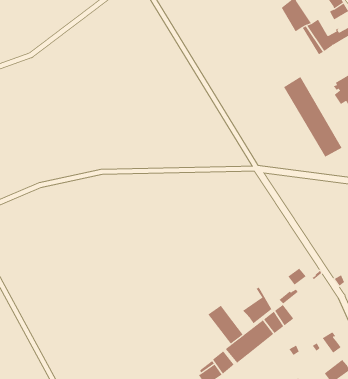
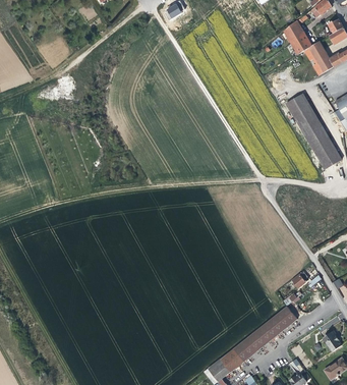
building: [242,286,272,324] -> none
building: [208,305,243,344] -> none

